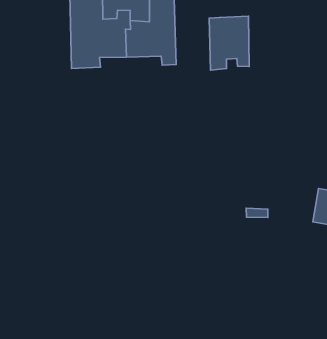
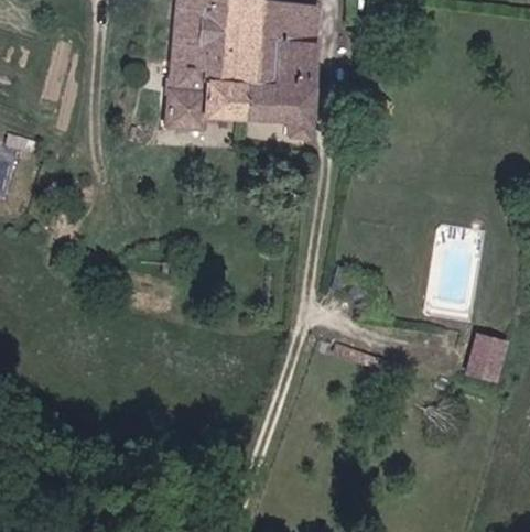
building: [209,16,249,70] -> none

